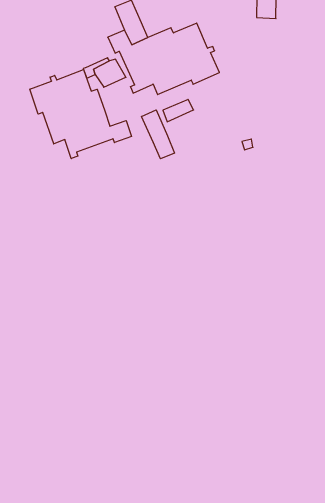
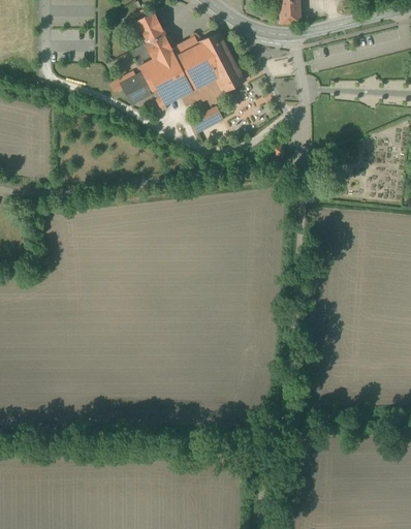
building: [30,69,132,159] -> none
building: [142,110,174,159] -> none

